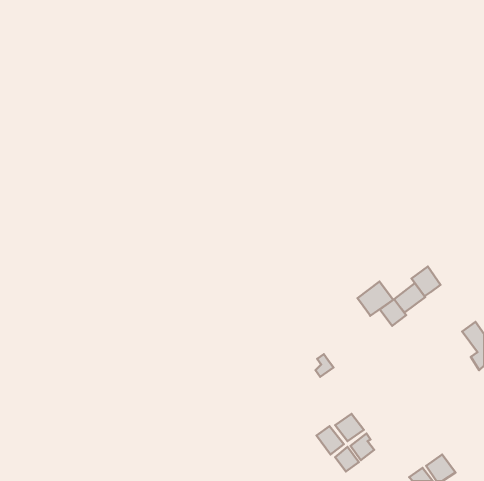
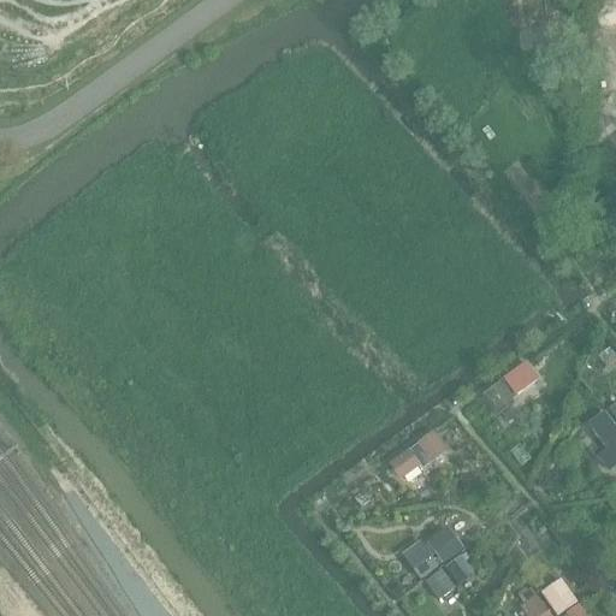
building: [411,267,440,296] -> none
building: [358,281,393,316] -> none

